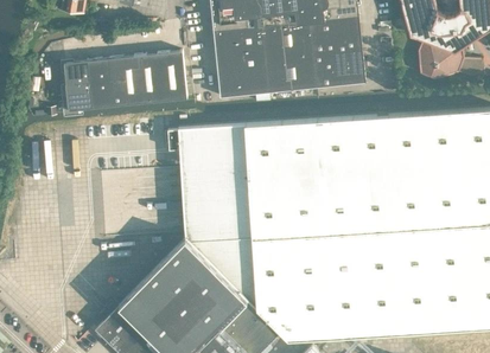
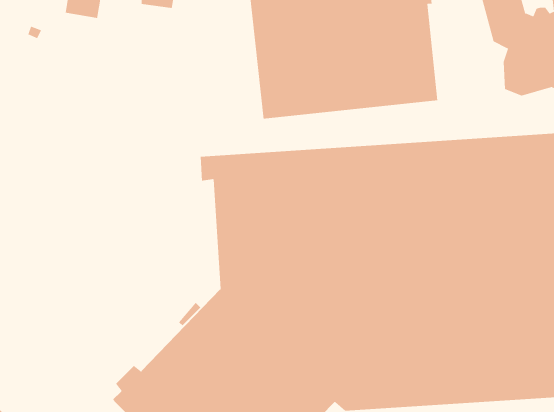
building: [64,53,187,111] -> none

